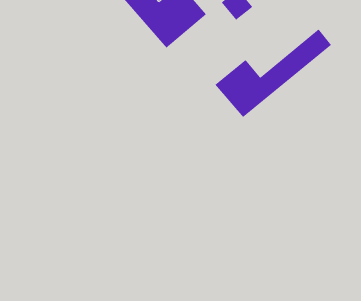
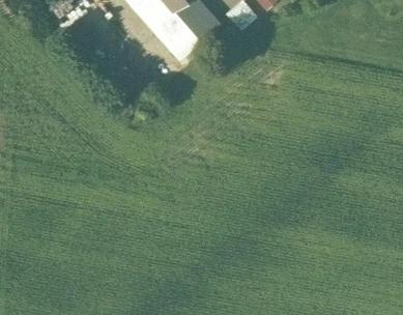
building: [214,28,332,118] -> none

